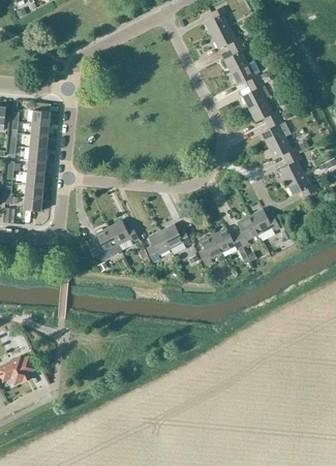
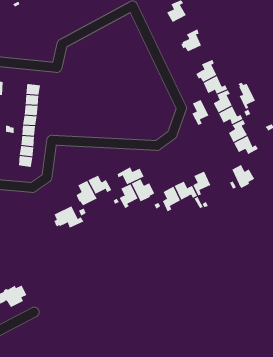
building: [211,26,242,50] -> none
building: [230,63,261,86] -> none
building: none -> [238,82,256,110]
building: none -> [192,99,209,126]
building: [250,210,279,240] -> [231,164,255,189]
building: none -> [117,167,144,185]
building: none -> [54,205,84,229]

